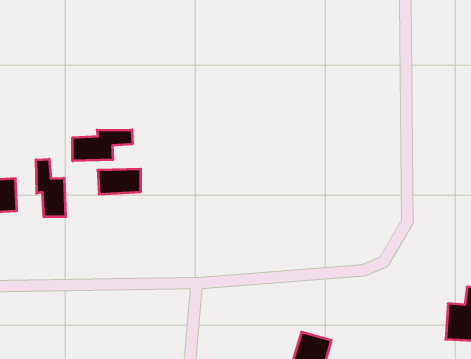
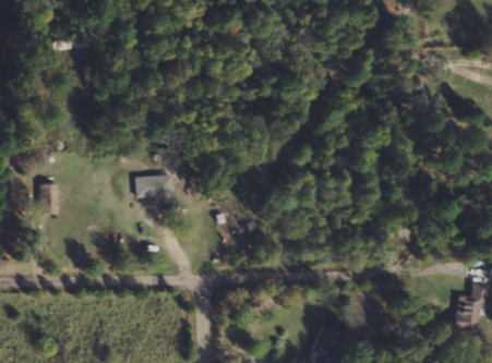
building: [73,130,132,161] -> none
building: [36,159,66,217] -> none

